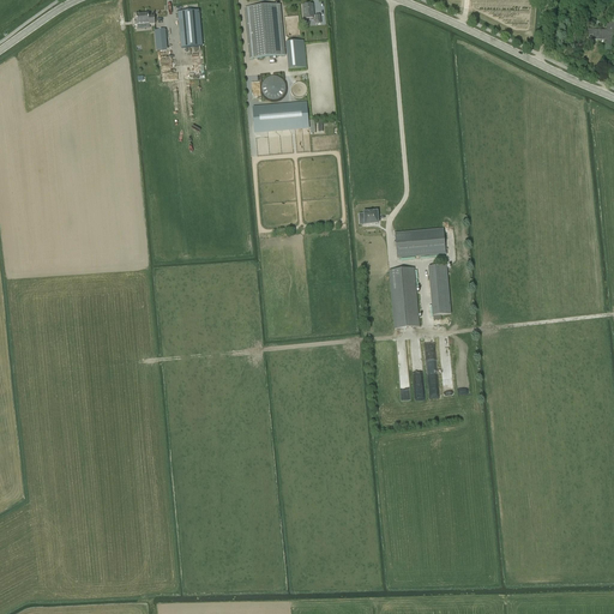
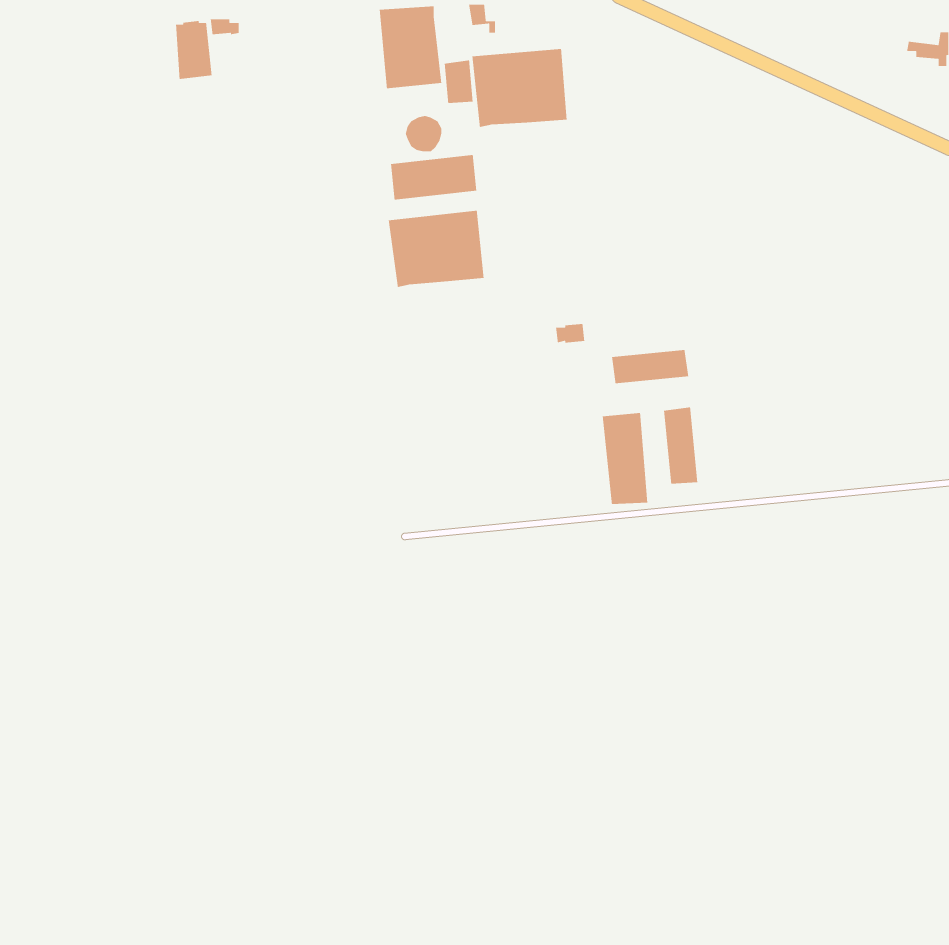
building: [179,8,203,47] -> [175,20,212,80]
building: none -> [471,48,568,128]
building: none -> [388,210,485,288]

